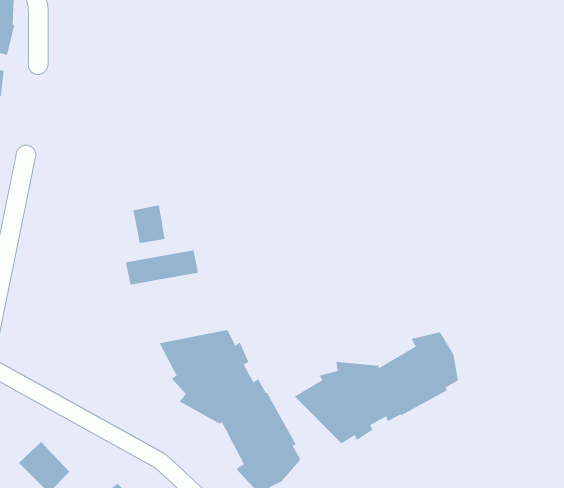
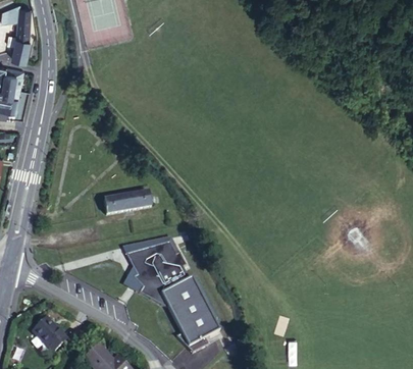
building: [133,204,165,244] -> none
building: [294,331,459,444] -> none

